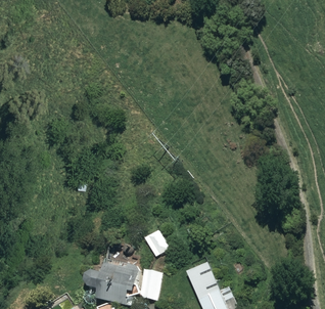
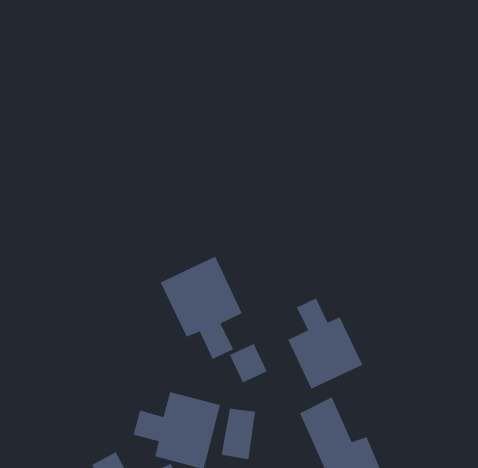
building: none -> [160,256,243,360]
building: none -> [288,297,363,390]

